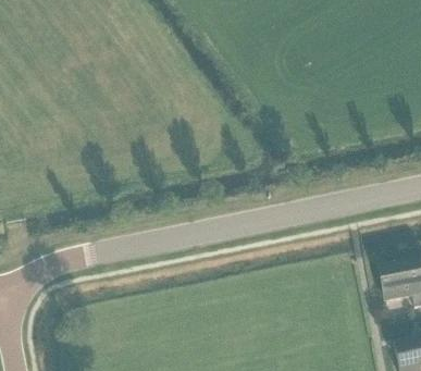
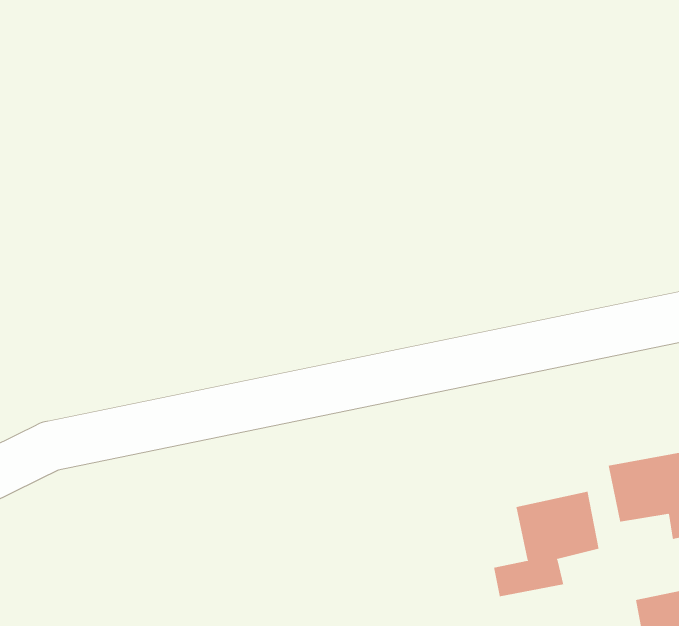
building: none -> [494,491,599,597]

